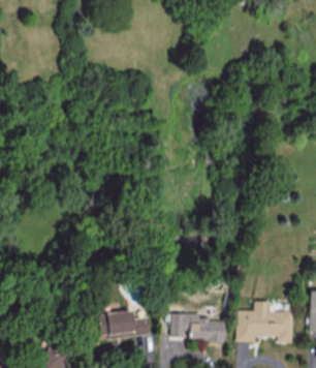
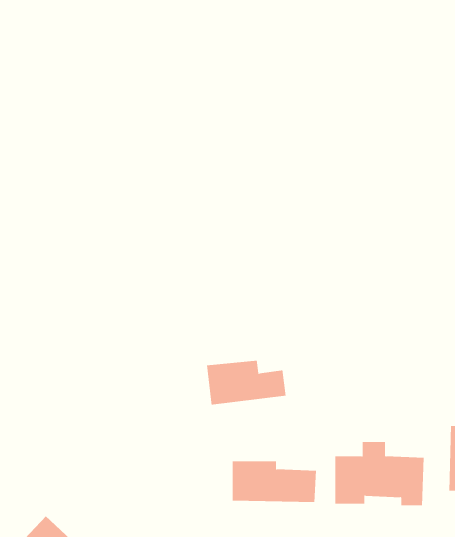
building: [96,310,148,339] -> [206,360,286,405]

